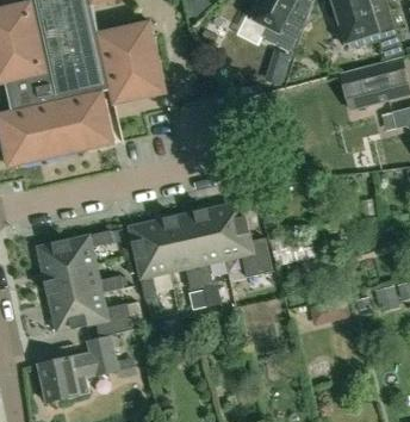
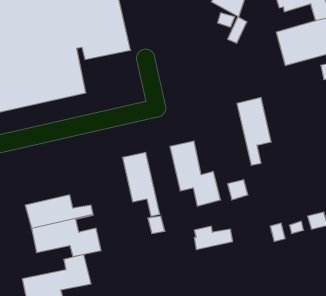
building: [184,206,224,286] -> [237,97,271,165]
building: [128,219,168,299] -> none
building: [36,229,112,275] -> none

